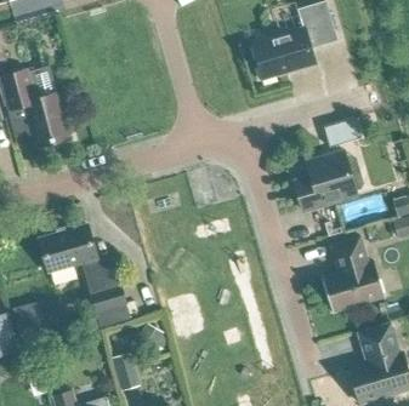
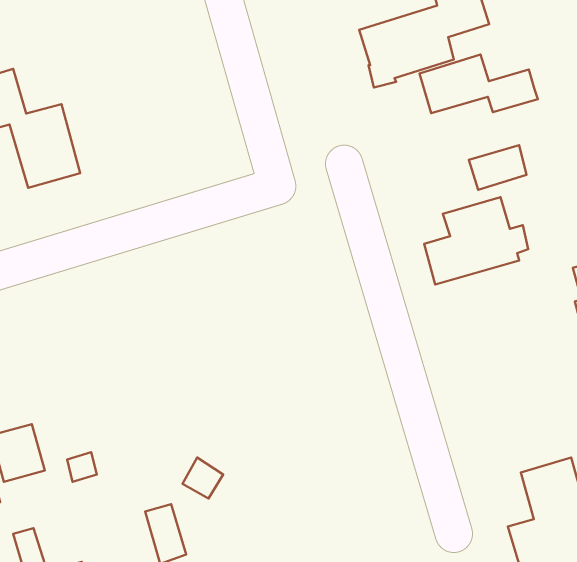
building: none -> [419,55,538,113]
building: [39,225,130,326] -> none
building: [322,236,385,313] -> none

